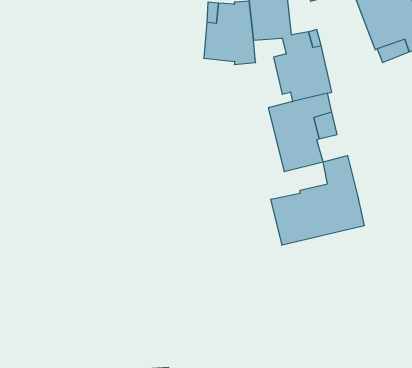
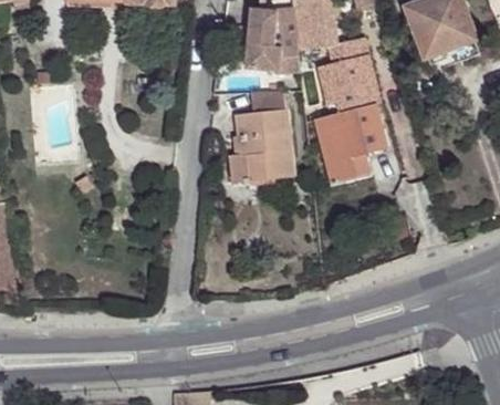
building: none -> [231,90,293,181]
building: [271,156,364,245] -> none

